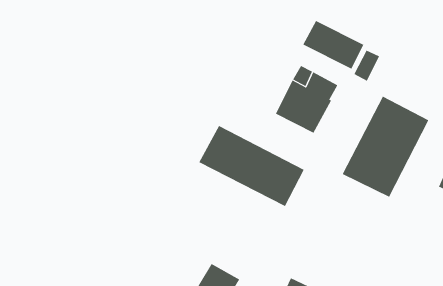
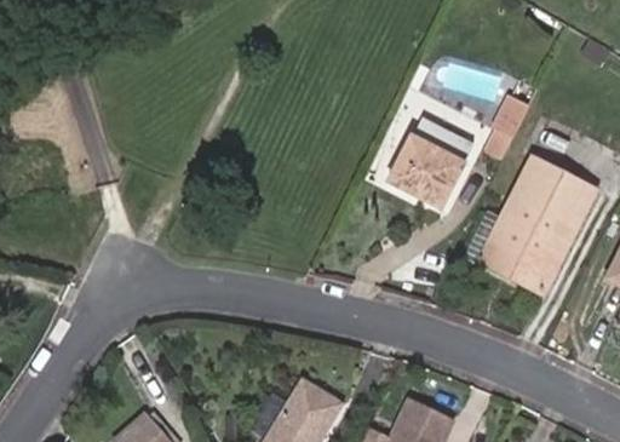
building: [302,20,364,70] -> none
building: [198,125,304,207] -> none

